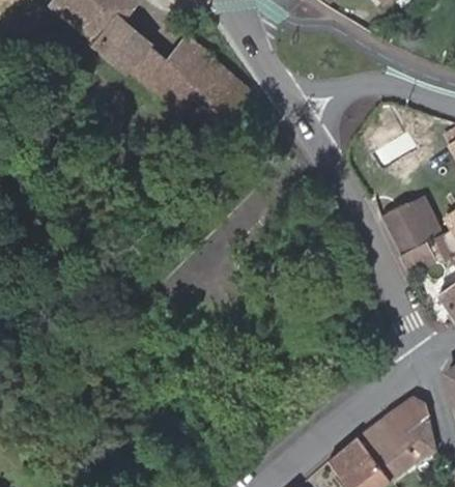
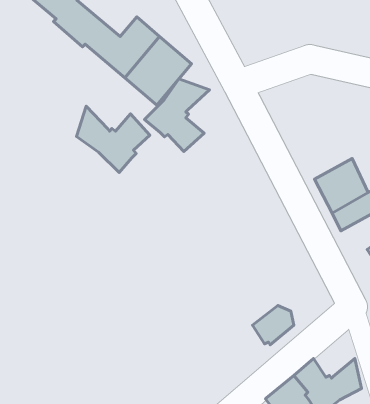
building: none -> [145,79,209,151]
building: none -> [76,106,150,172]
building: [382,394,428,437] -> [252,306,294,345]

